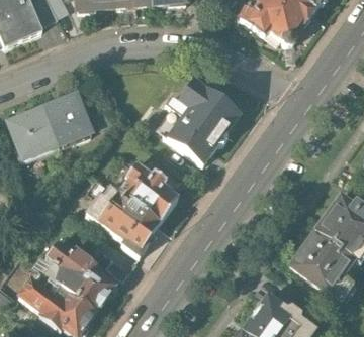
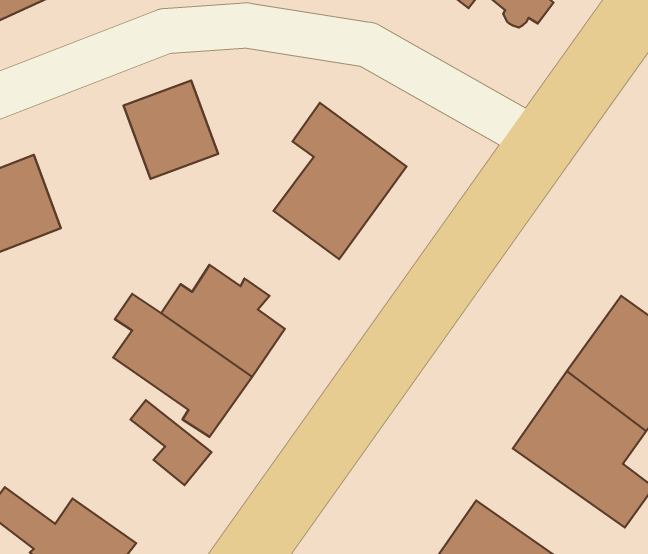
building: [38,97,88,148] -> [123,80,218,179]
building: [41,245,110,313] -> none

